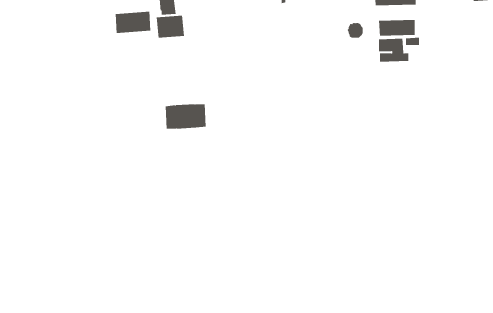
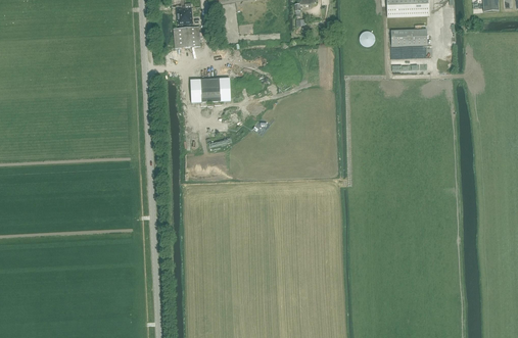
building: [115,11,151,34] -> none
building: [165,104,207,129] -> [190,78,231,102]

